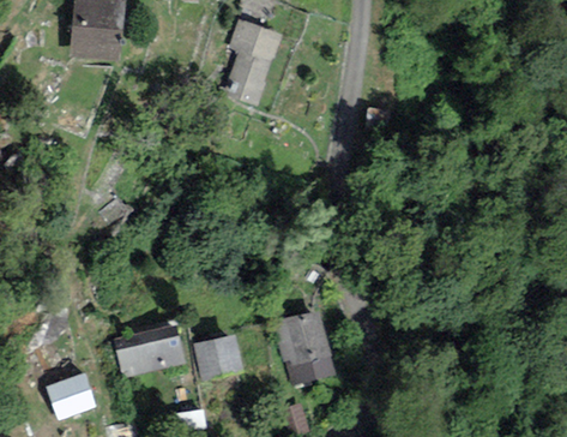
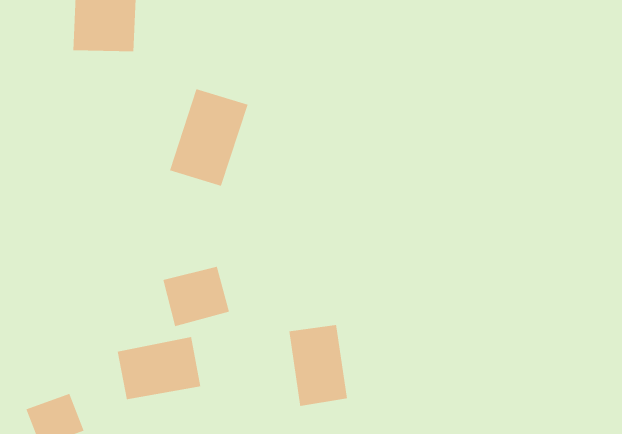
building: [212,19,283,107] -> [169,88,248,187]
building: [191,329,251,383] -> [163,266,230,327]

